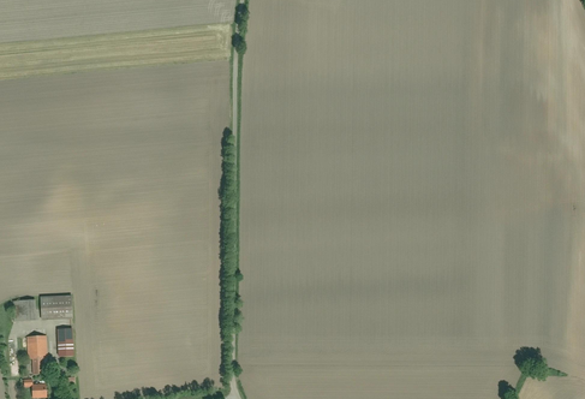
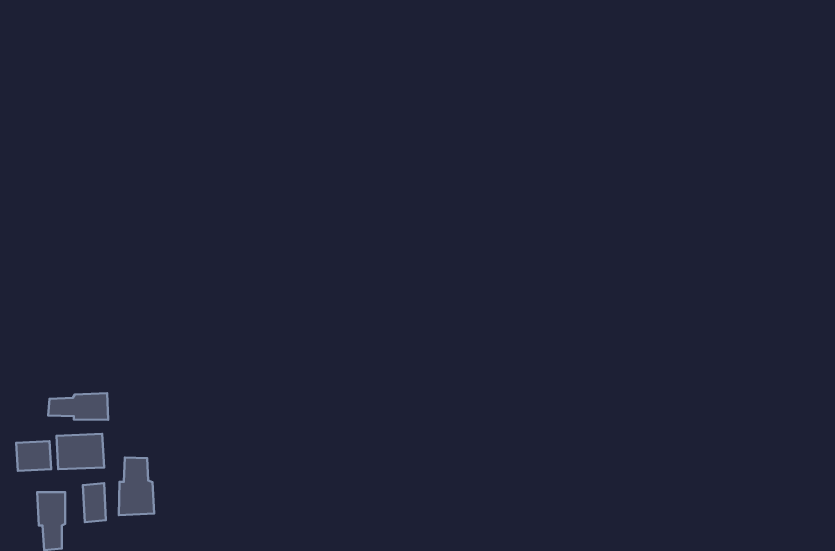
building: none -> [48,393,108,420]
building: none -> [119,457,154,515]

